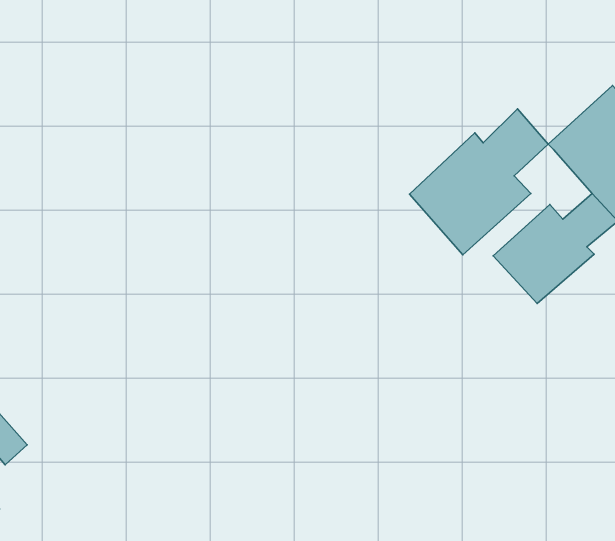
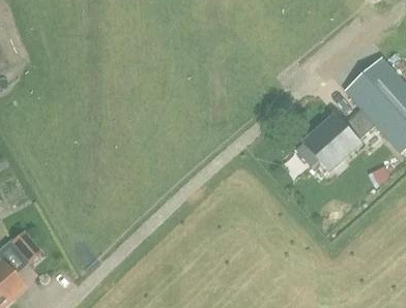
building: [409,109,548,255] -> none

